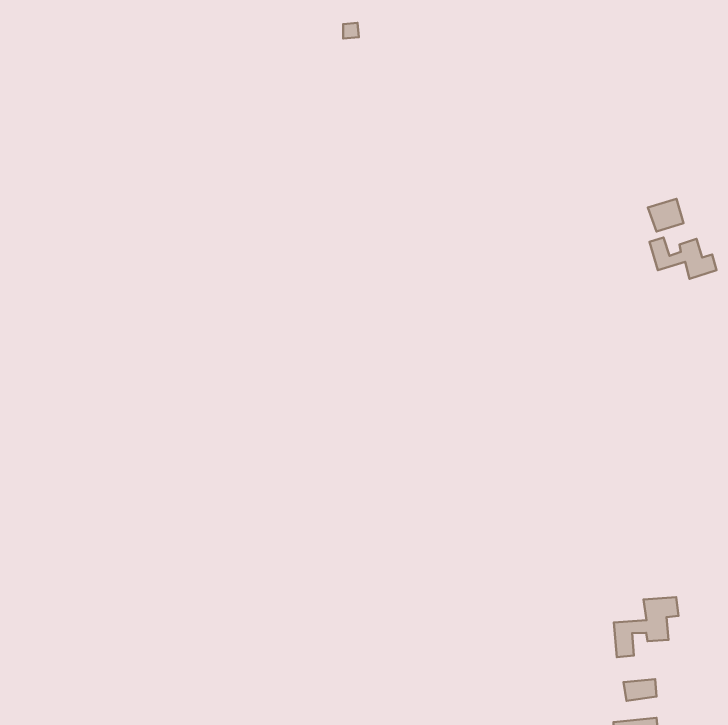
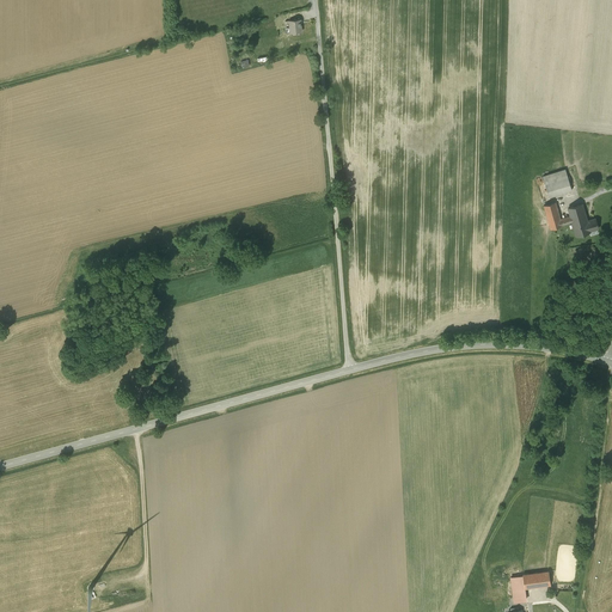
building: [614,597,678,657] -> none

